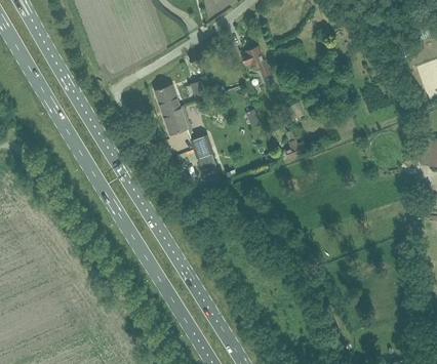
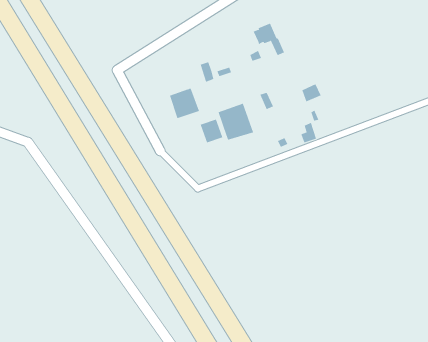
building: [154,84,180,113] -> none
building: none -> [218,103,254,140]

